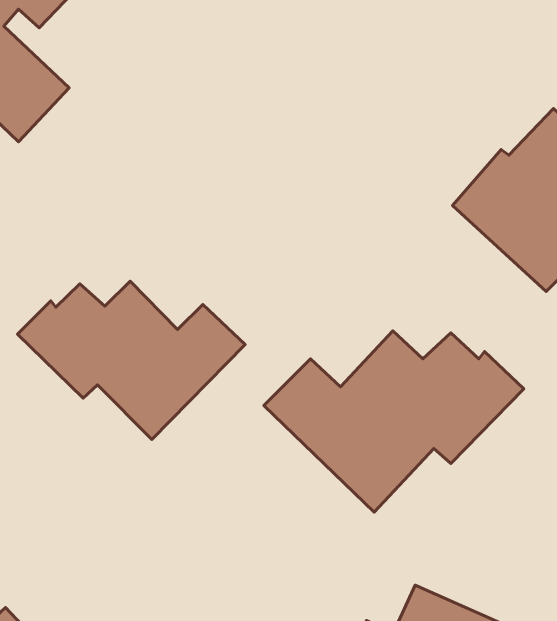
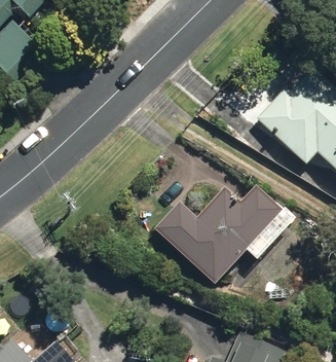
building: [18,281,245,439] -> none

